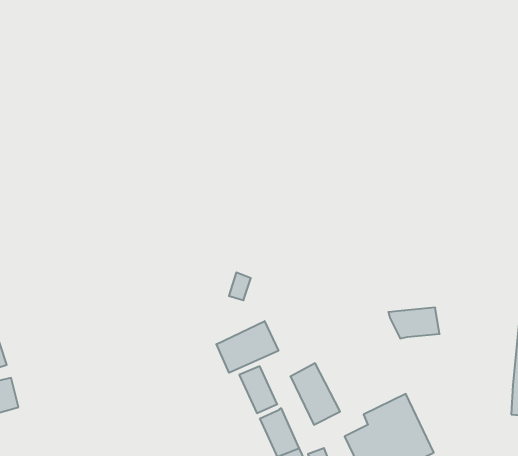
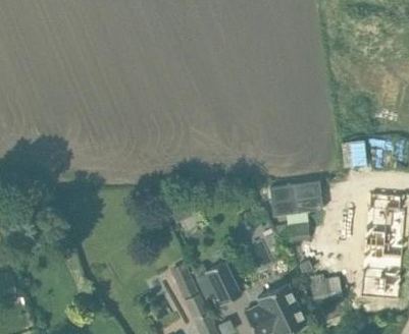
building: none -> [268,181,322,216]
building: [216,321,278,373] -> none
building: none -> [309,275,343,302]

